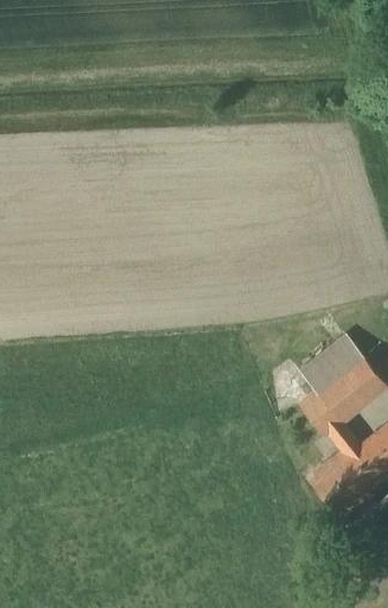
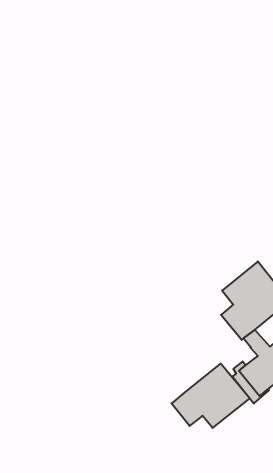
building: none -> [171,364,250,428]

